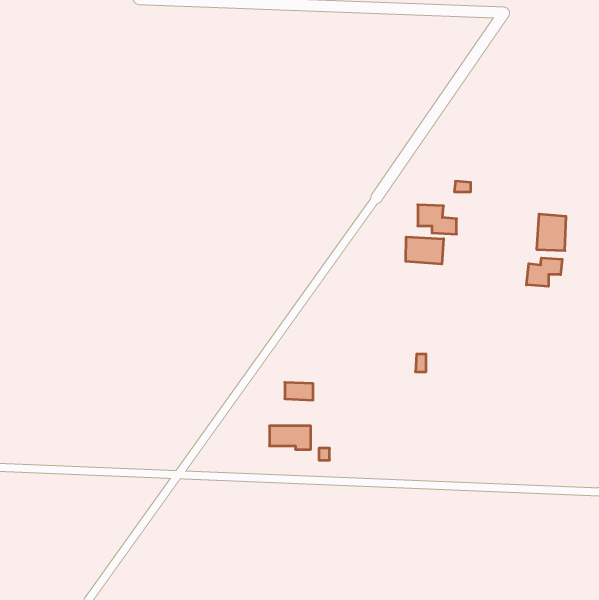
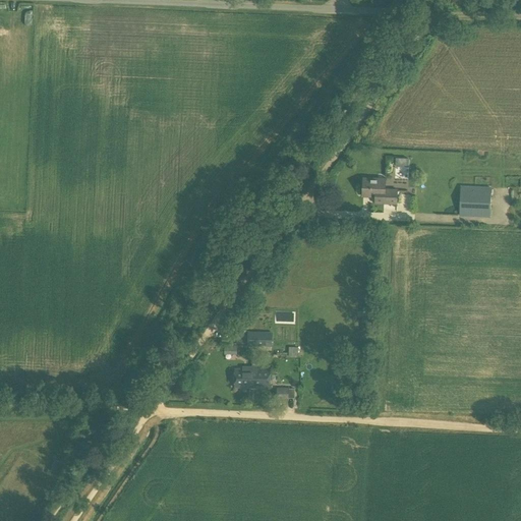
building: [406,237,444,264] -> none
building: [526,258,562,286] -> none

